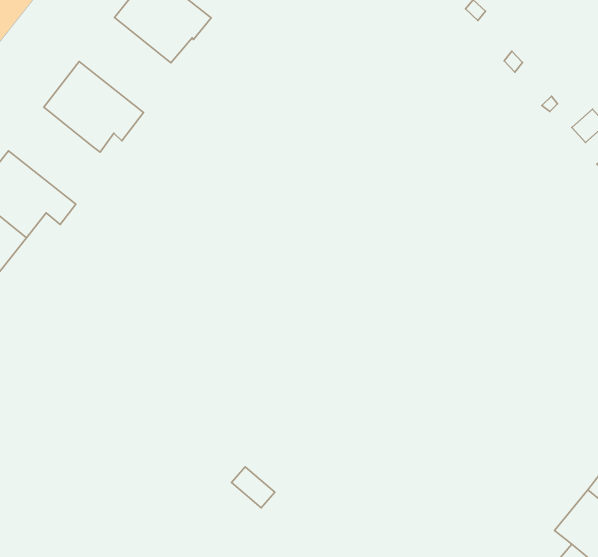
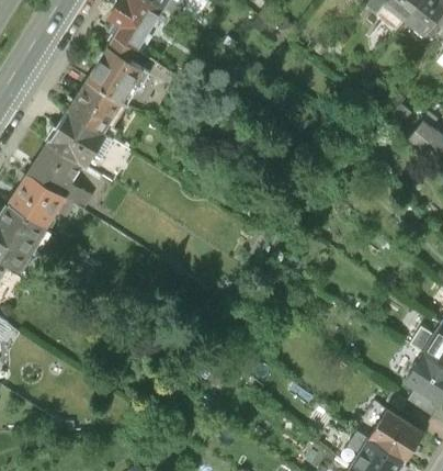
building: none -> [67,79,126,138]
building: none -> [27,142,91,208]

